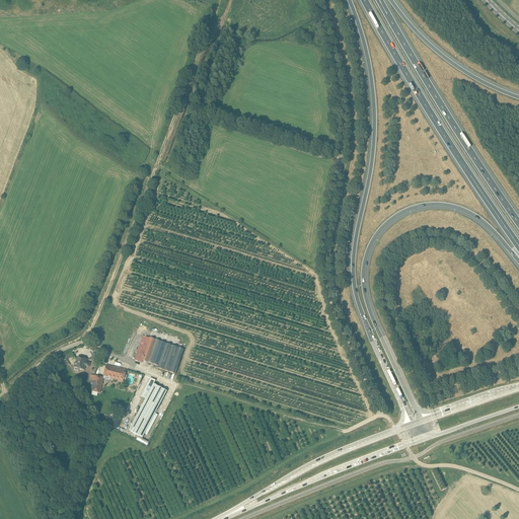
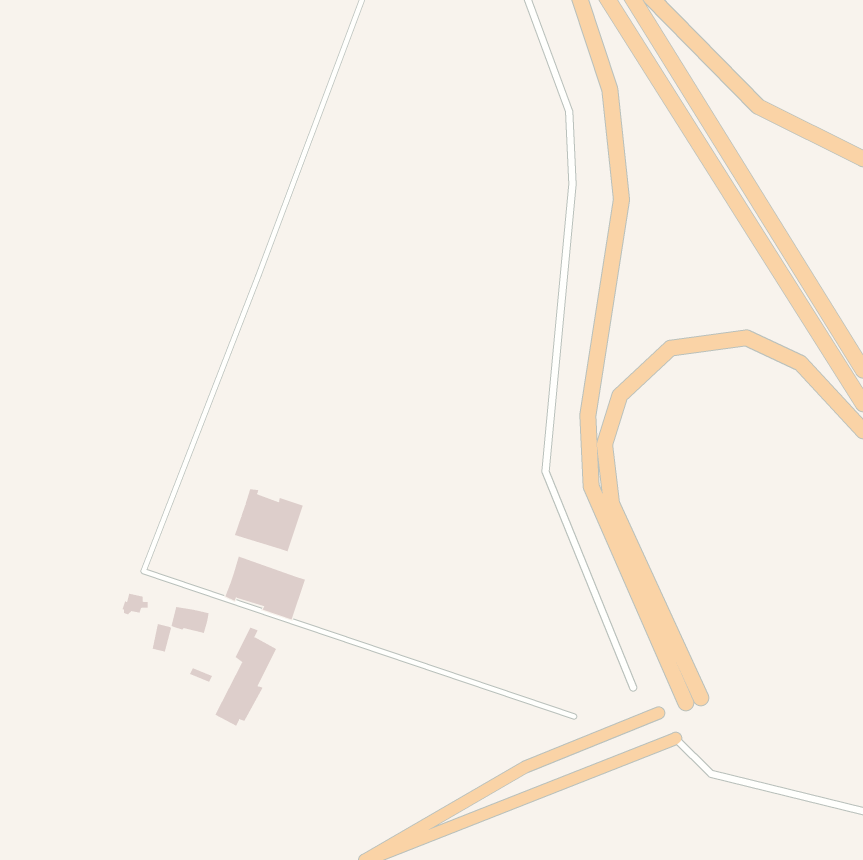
building: none -> [234,489,303,552]

